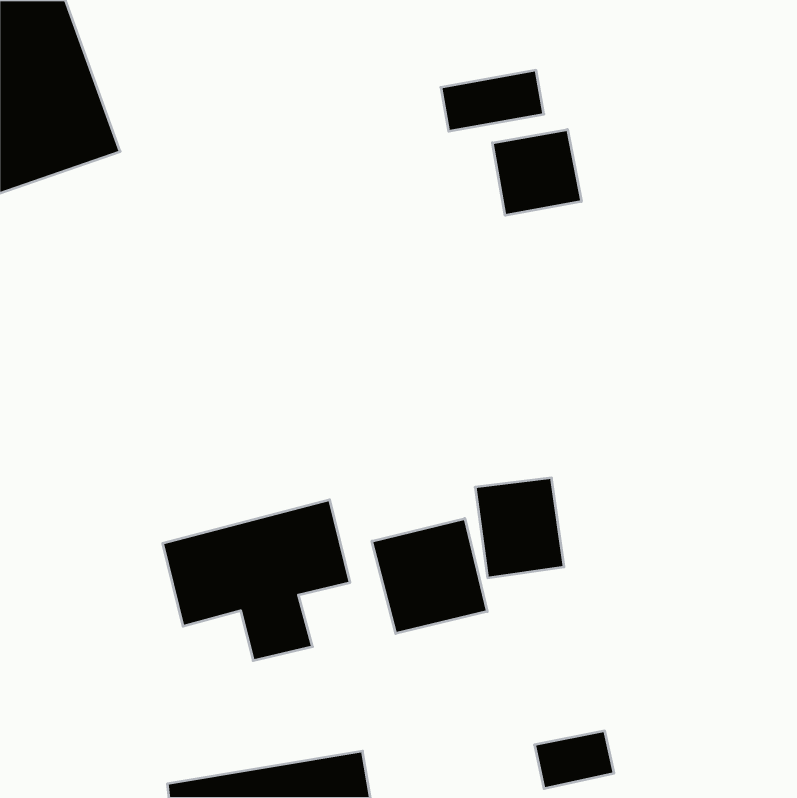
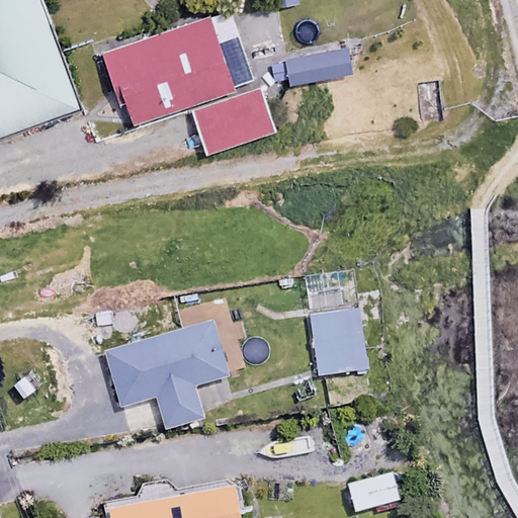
building: none -> [103,10,275,154]
building: [492,129,581,215] -> none
building: [372,518,487,634] -> none

